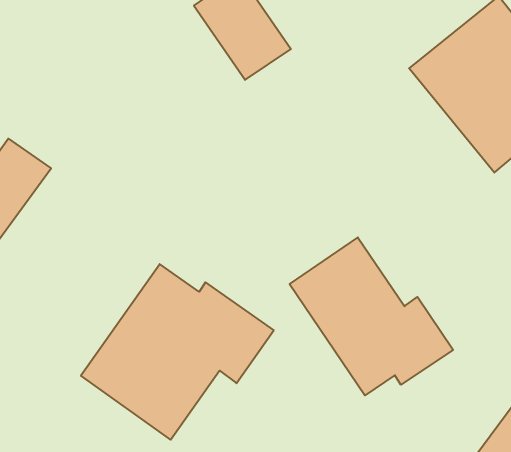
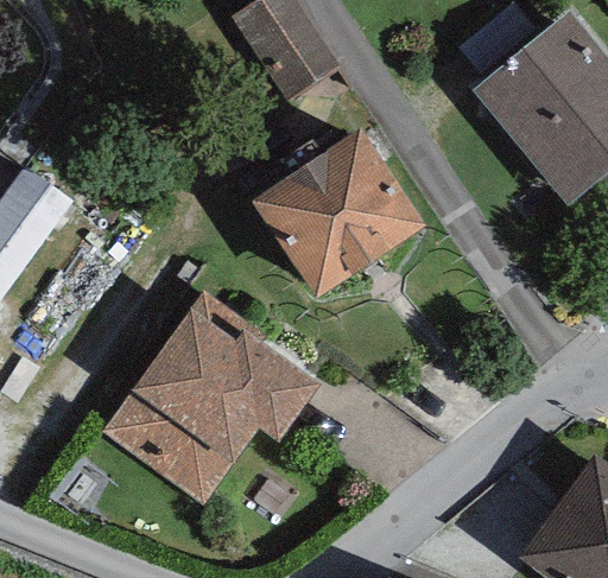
building: none -> [253,126,426,296]
building: [290,237,453,395] -> none

